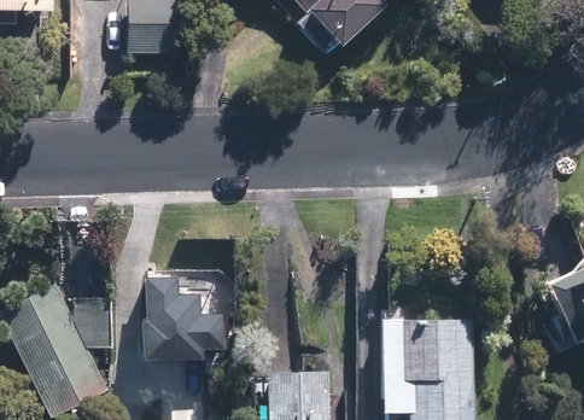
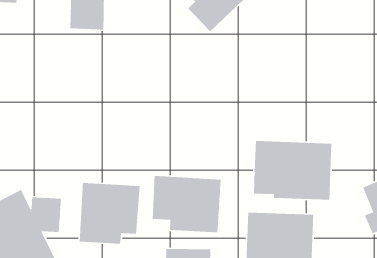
building: none -> [253,140,332,201]
building: none -> [152,175,221,233]

